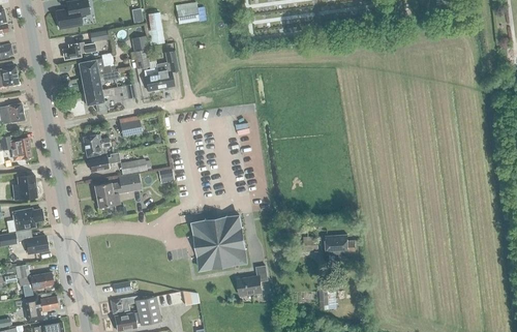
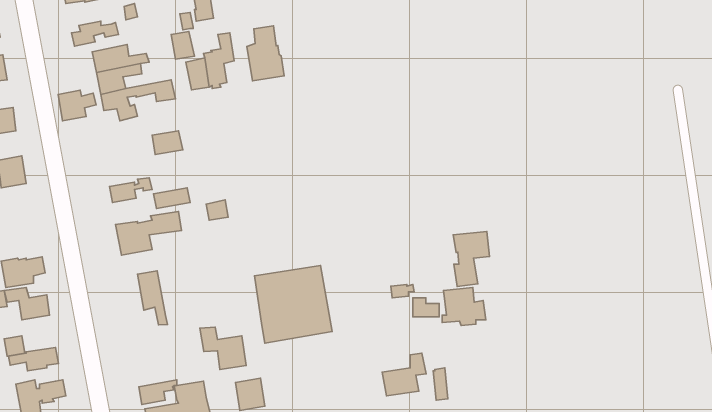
building: none -> [247,26,284,81]
building: [83,133,110,155] -> [58,90,96,121]
building: [17,174,38,199] -> none
building: none -> [453,232,489,286]
building: none -> [137,271,168,325]
building: none -> [200,327,246,370]
building: [236,265,267,295] -> [382,353,426,396]

